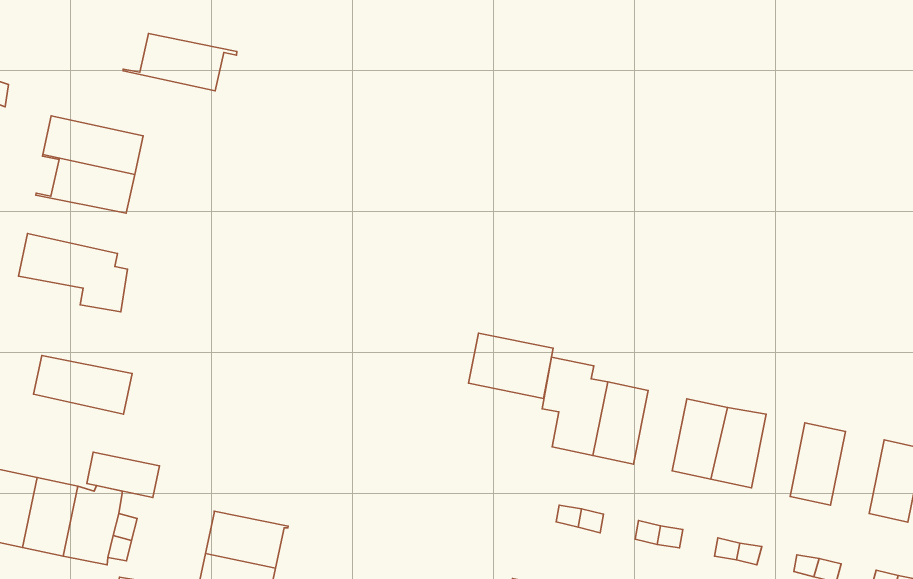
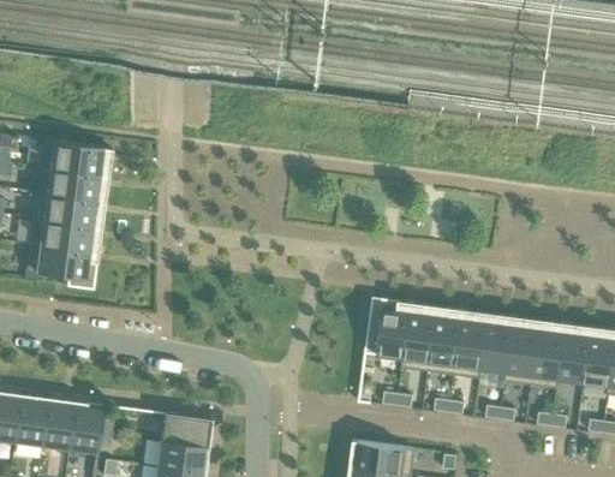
building: [123,34,237,91] -> [38,142,111,175]
building: [468,333,553,398] -> none
building: [33,356,132,414] -> [29,219,91,252]
building: none -> [429,315,460,365]
building: none -> [506,324,537,376]
building: none -> [557,332,589,383]
building: [87,452,159,497] -> none

